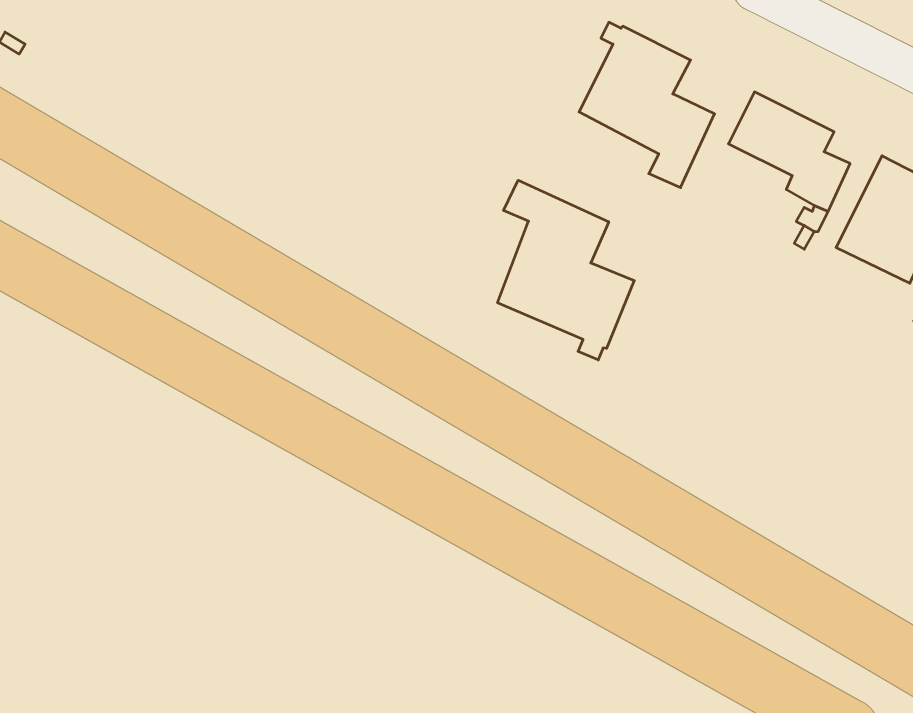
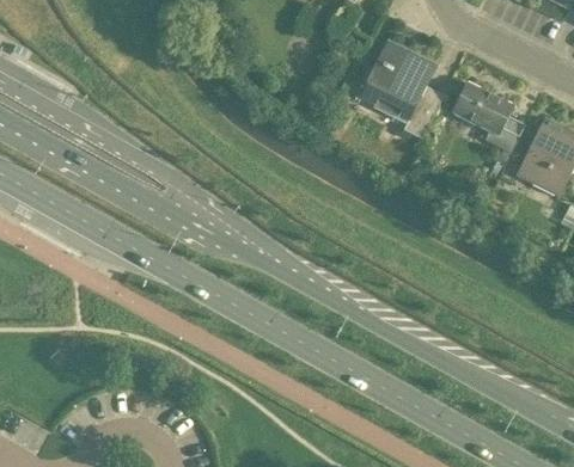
building: [498,180,634,360] -> none

